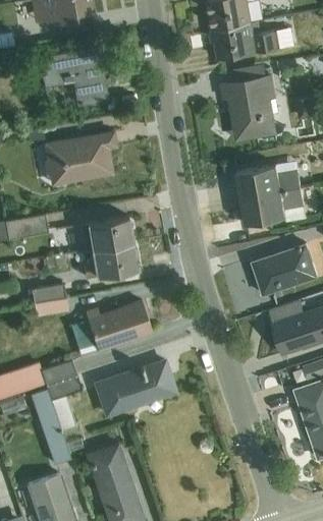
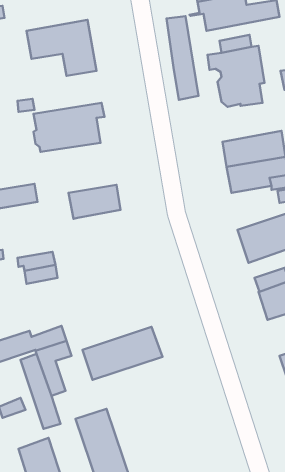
building: none -> [166,16,199,100]
building: [83,241,137,277] -> none
building: [69,301,151,355] -> none

